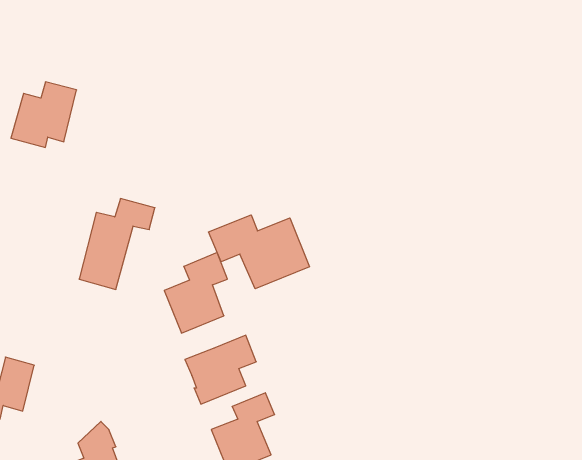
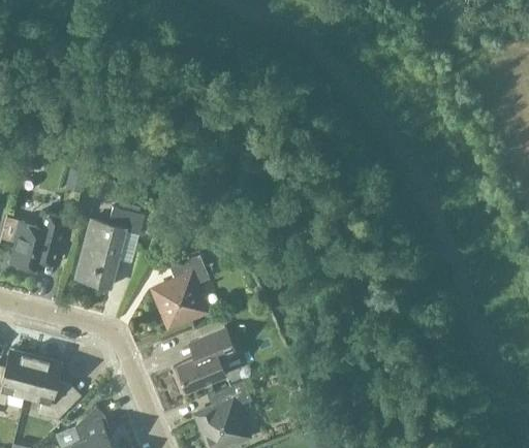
building: [11,82,77,147] -> [10,212,69,270]
building: [208,215,310,289] -> none
building: none -> [25,356,75,419]

